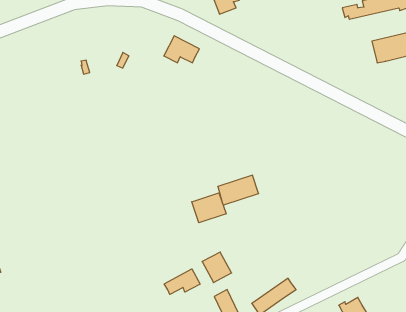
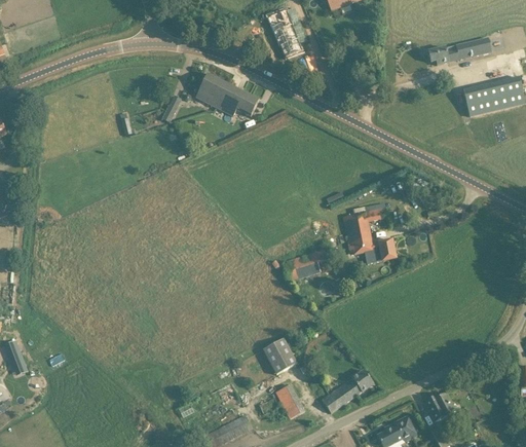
building: none -> [194,73,228,108]
building: none -> [341,209,394,262]
building: [192,193,226,223] -> none
building: [164,269,200,294] -> none

